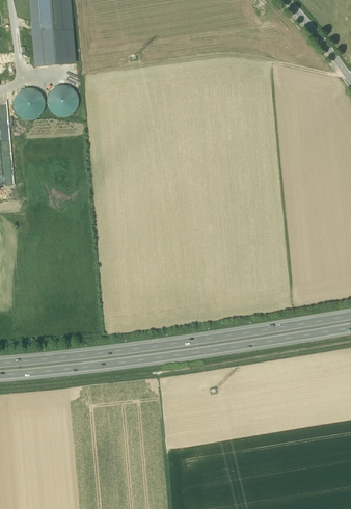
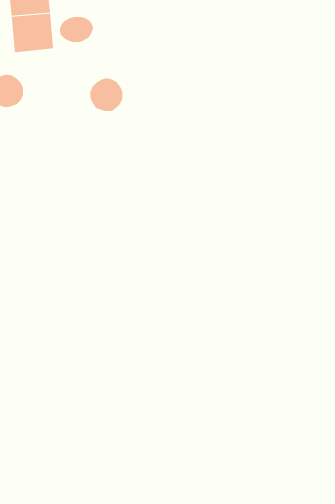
building: none -> [59,16,93,43]
building: [47,84,79,116] -> [90,78,123,111]

